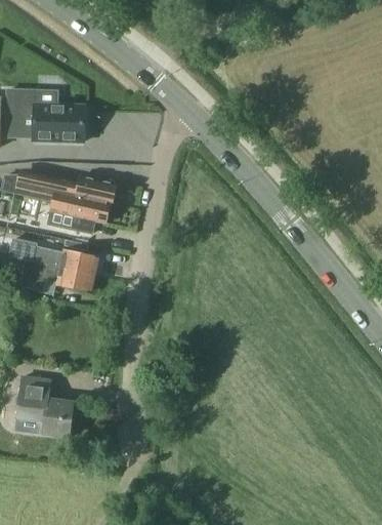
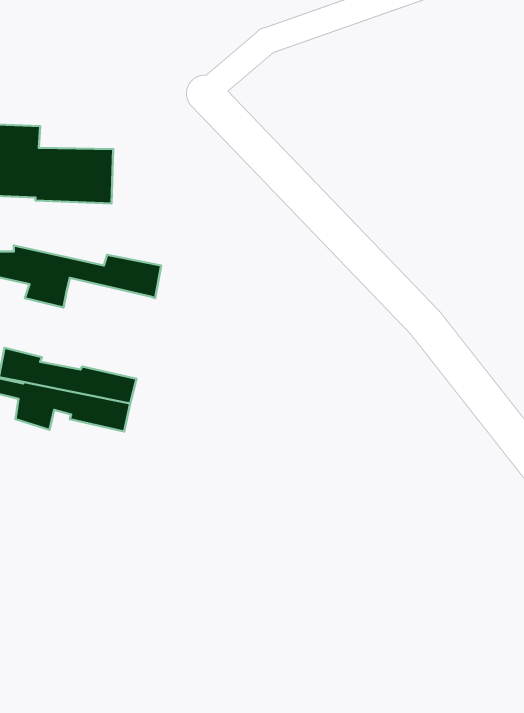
building: [48,192,111,230] -> none
building: [16,377,73,437] -> none

